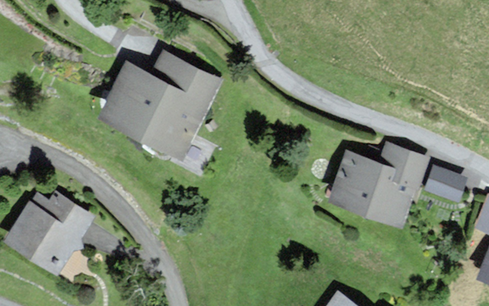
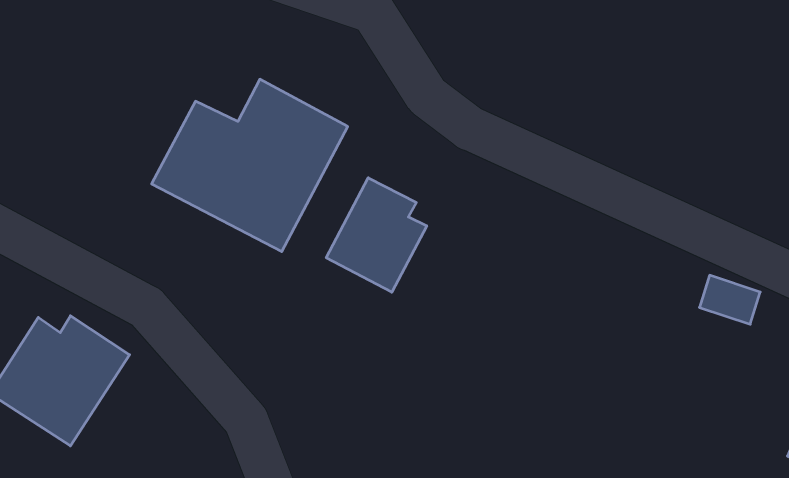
building: none -> [326,178,427,292]
building: [331,144,426,224] -> none

